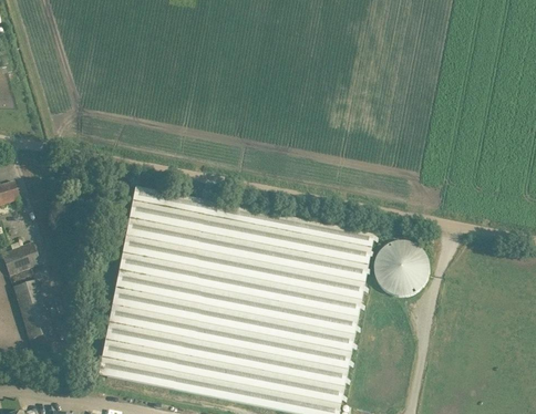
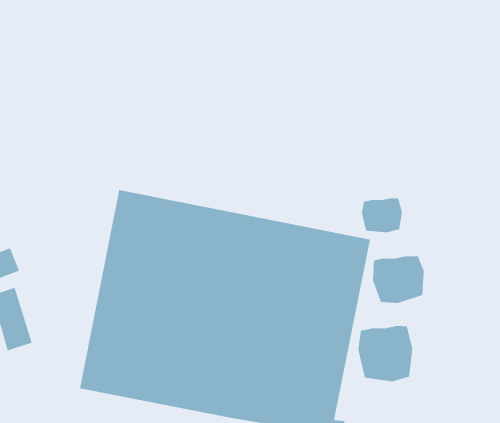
building: none -> [361,197,402,233]
building: none -> [358,325,413,382]

